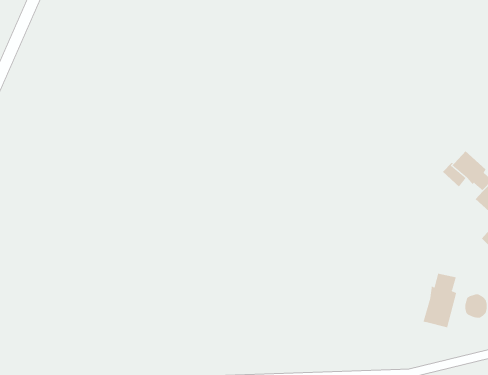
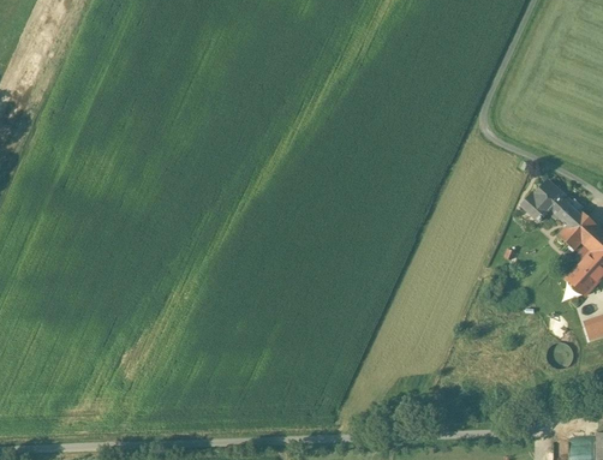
building: [423,273,457,328] -> none

